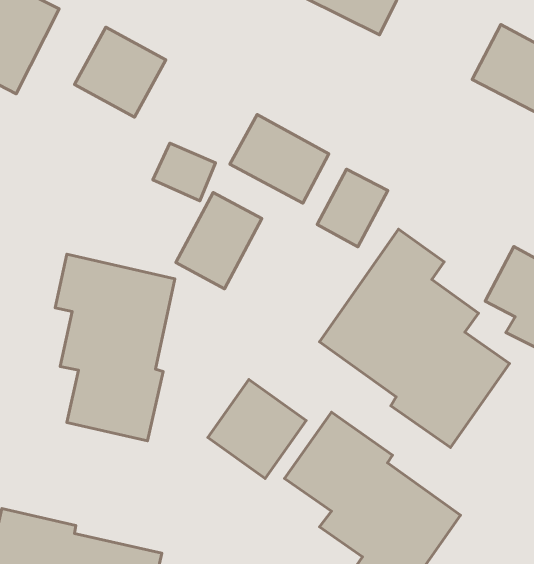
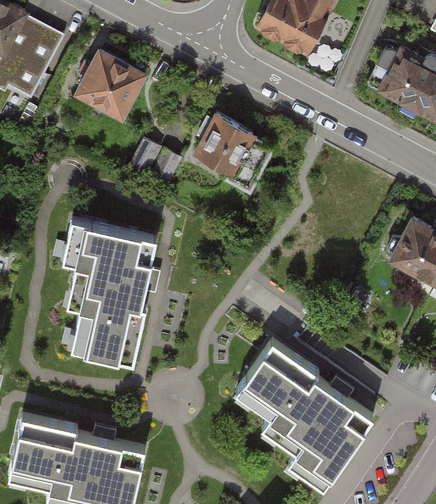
building: [317,169,388,247] -> none
building: [176,193,262,289] -> none
building: [320,229,510,448] -> none
building: [208,380,306,478] -> none

